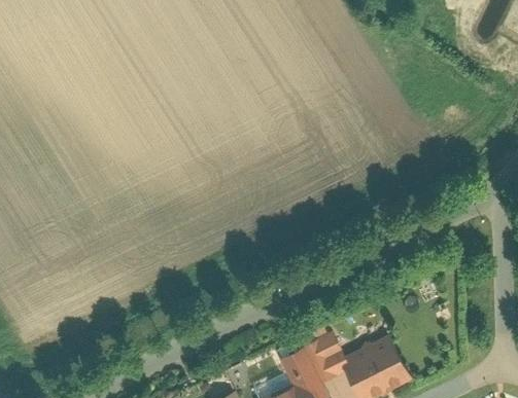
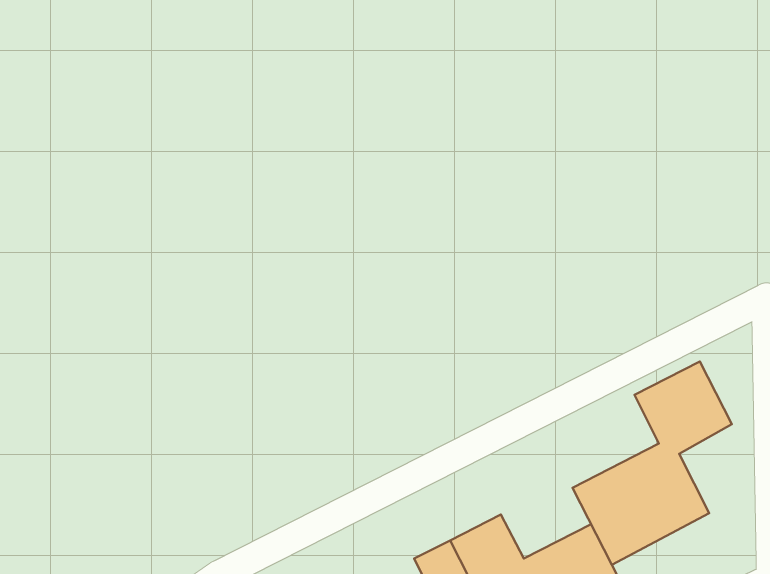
building: none -> [572,361,732,565]

